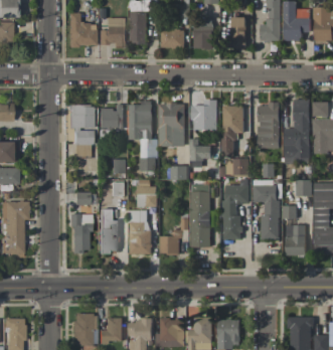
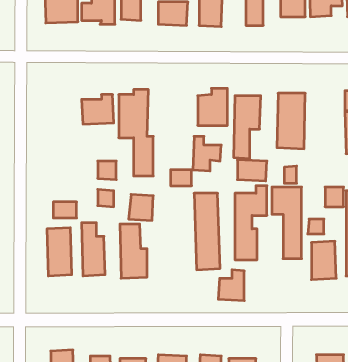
building: [283,99,309,162] -> none
building: [158,103,185,147] -> none
building: [68,105,93,157] -> none
building: [159,229,180,254] -> [218,270,244,301]

